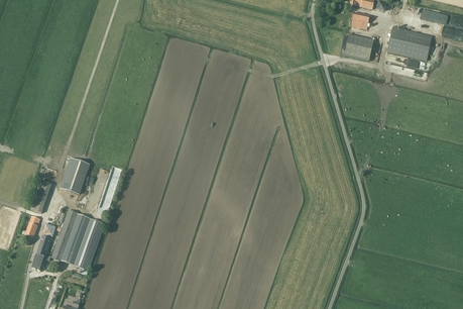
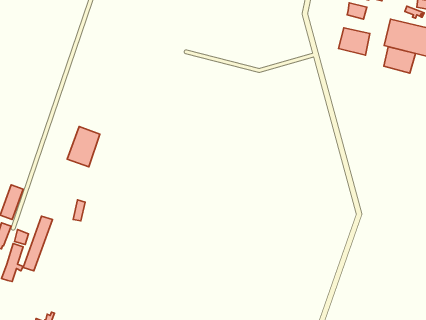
building: none -> [384,47,415,73]
building: [60,157,90,194] -> [67,126,100,167]
building: [72,217,105,270] -> none

